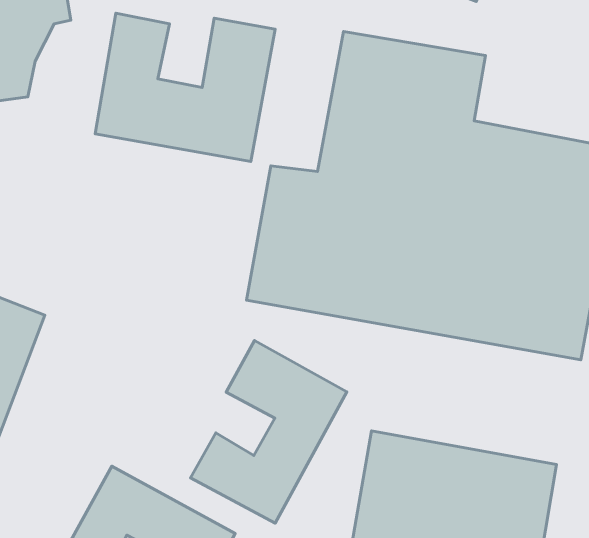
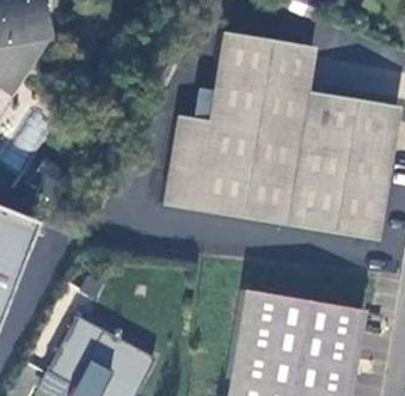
building: [95,13,275,162] -> none
building: [190,341,347,523] -> none

